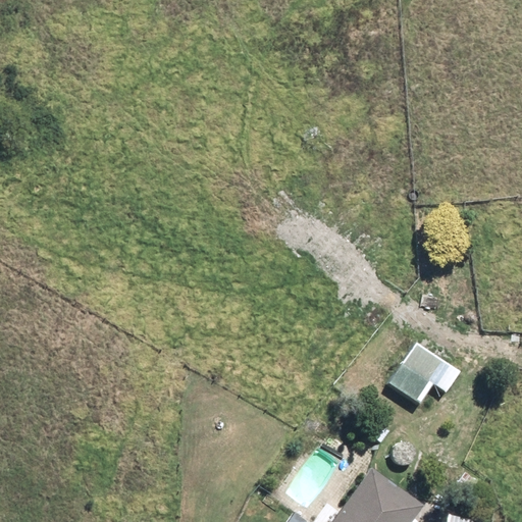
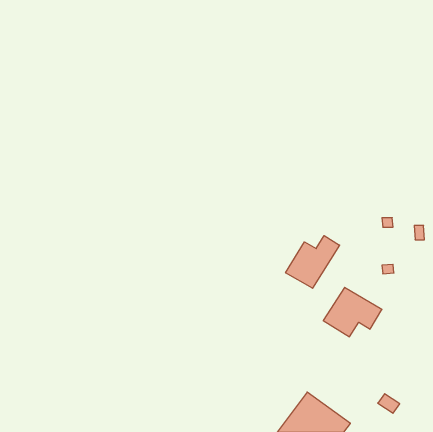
building: none -> [286,236,340,288]

